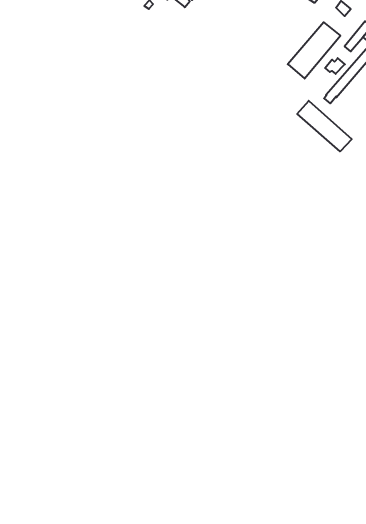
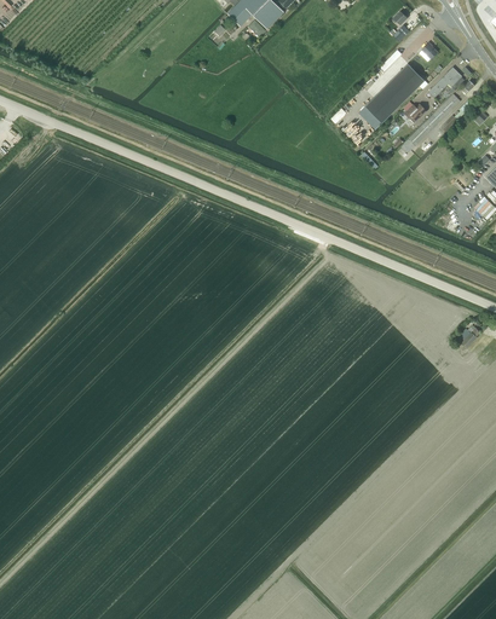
building: [297,101,352,151] -> none

